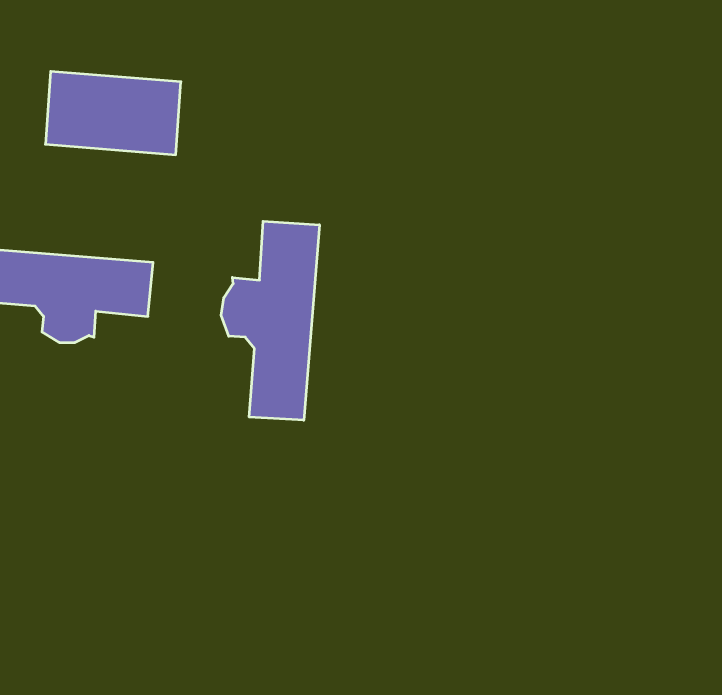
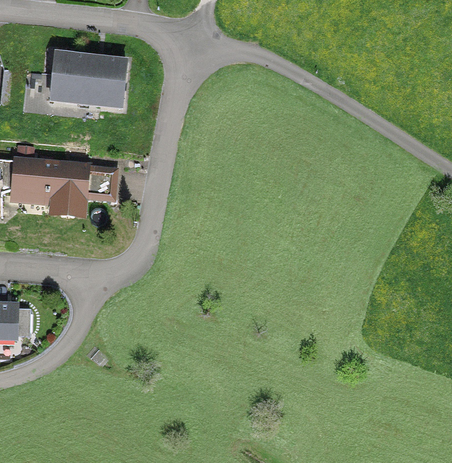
building: [221,221,319,420] -> none

